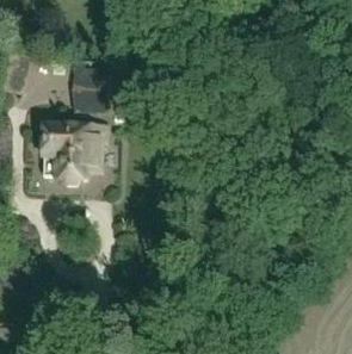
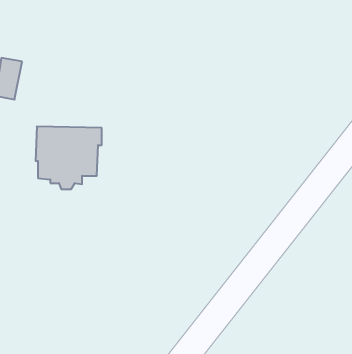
building: [74,67,107,111] -> none

